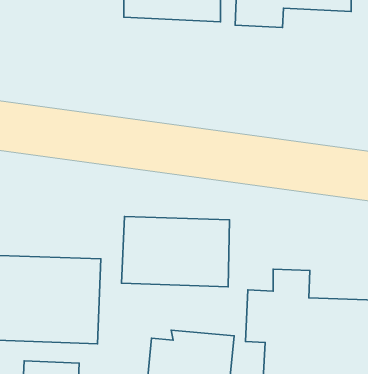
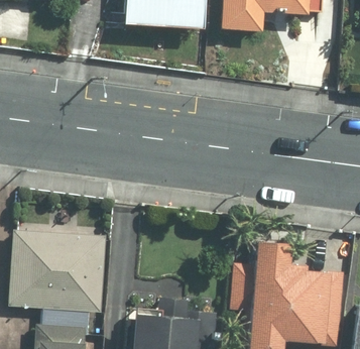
building: [122,216,230,287] -> none

